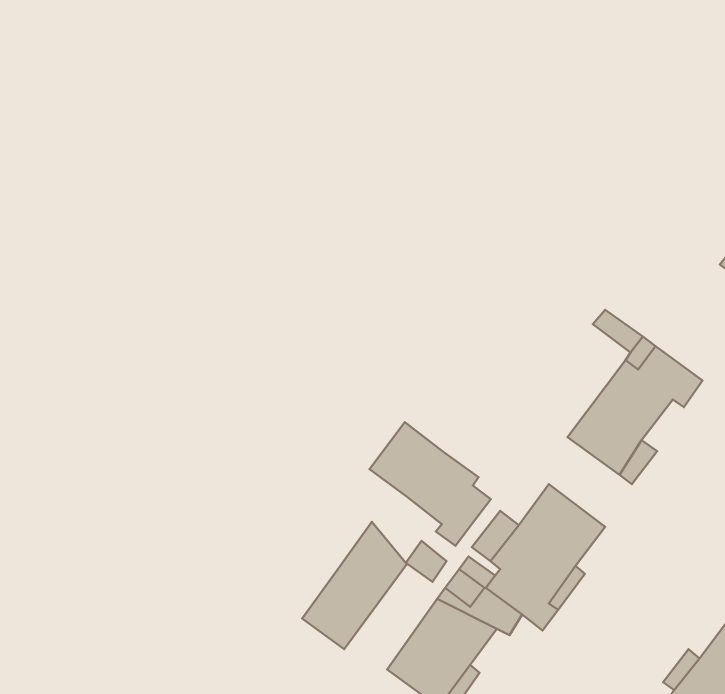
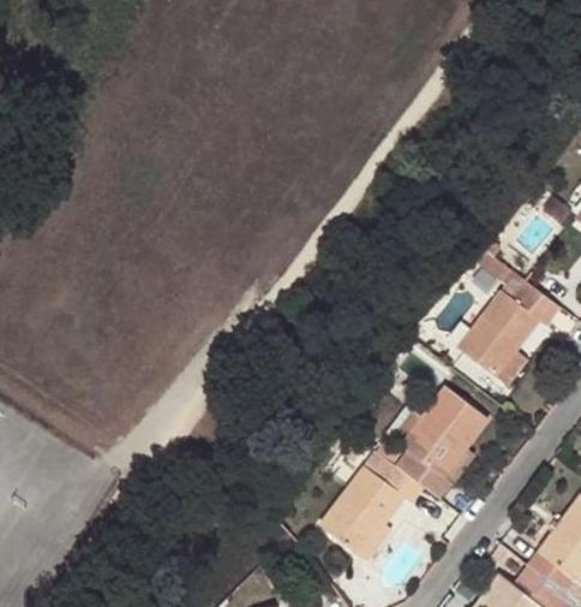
building: [370,422,491,546] -> none
building: [302,522,407,649] -> none

